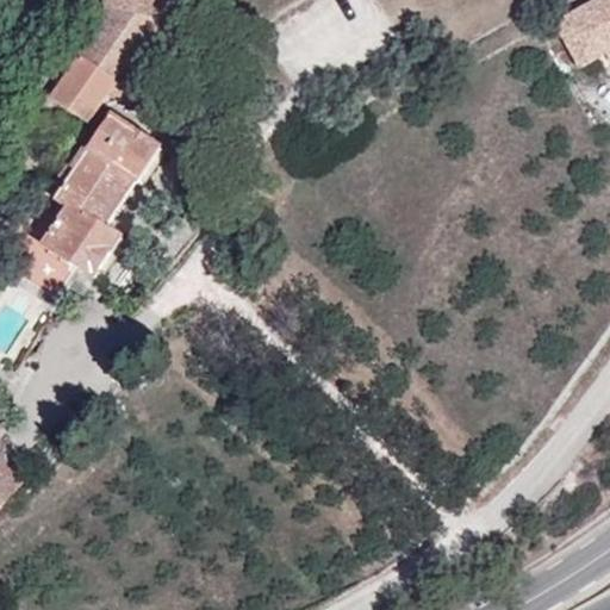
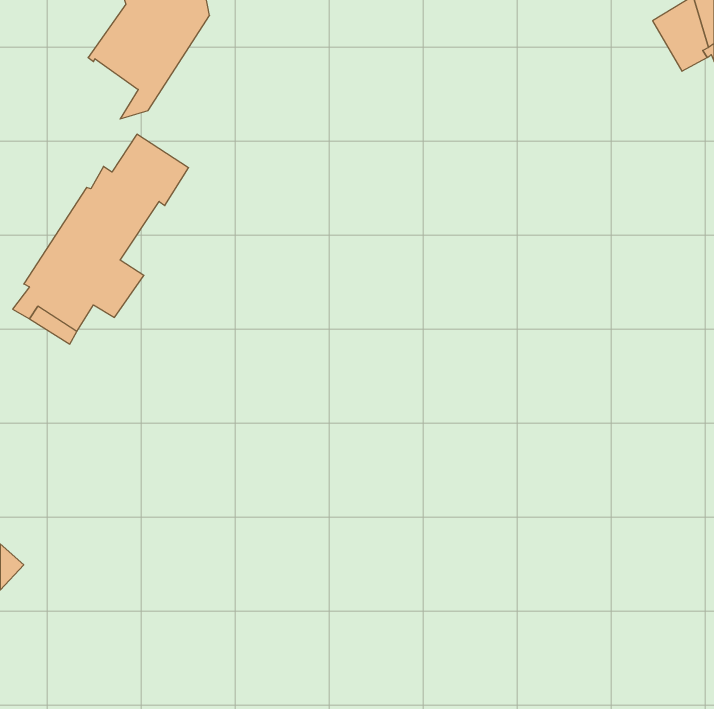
building: [51,50,118,119] -> none

